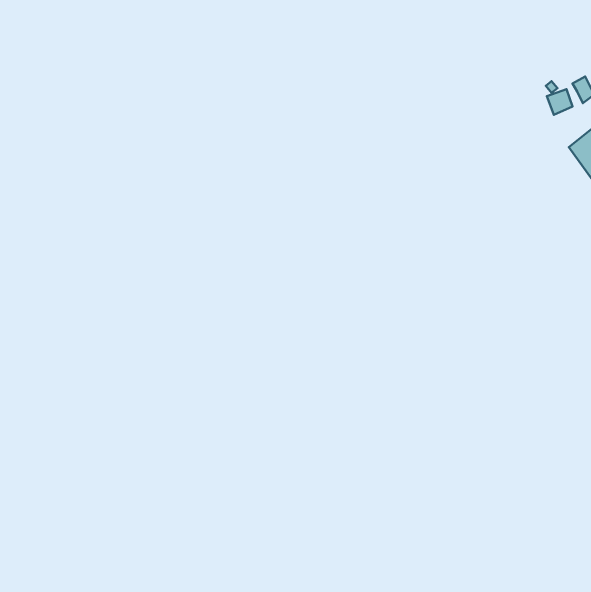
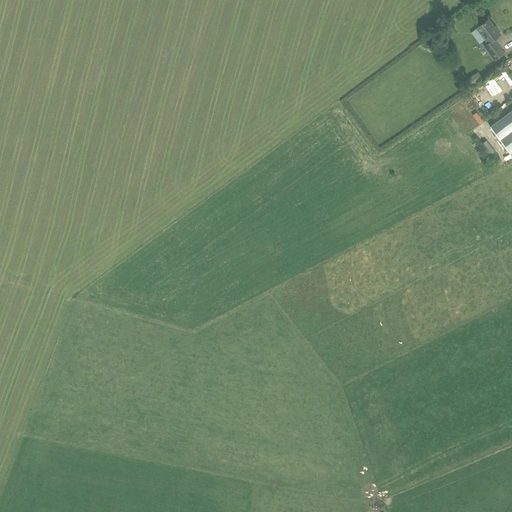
building: none -> [478,20,504,61]

